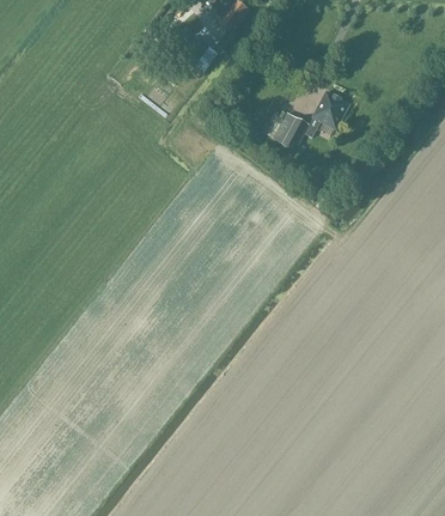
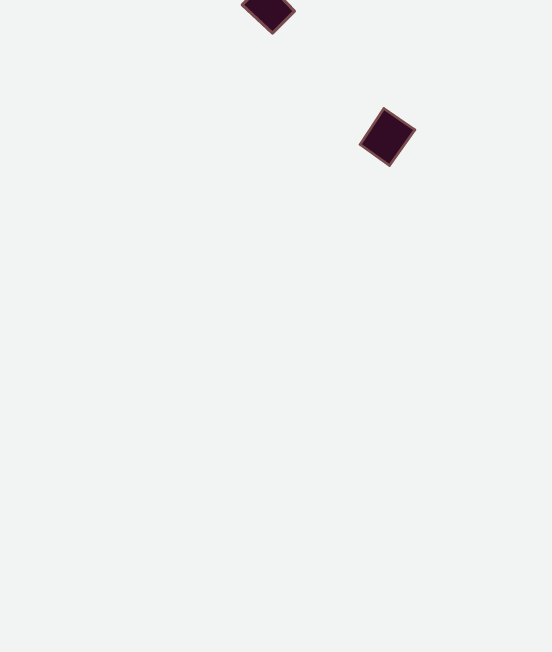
building: [310,89,348,127] -> none

